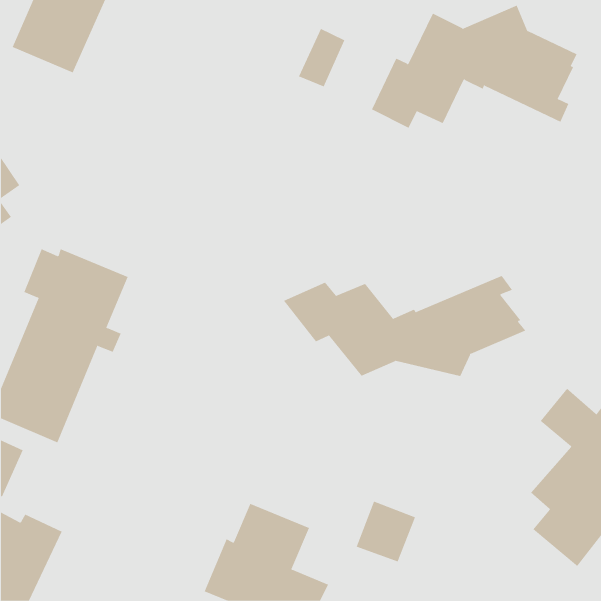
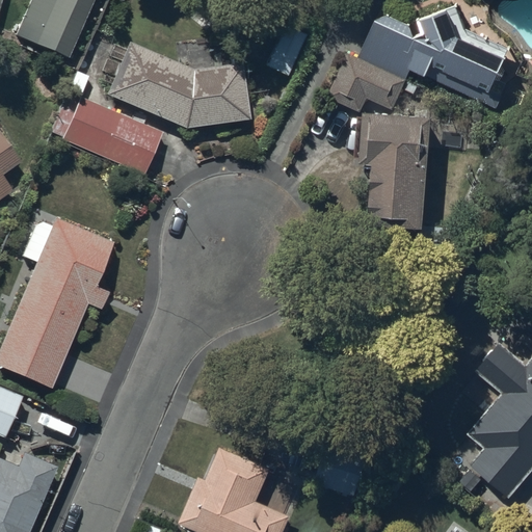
building: none -> [105,43,249,130]
building: none -> [62,99,160,174]
building: none -> [354,113,452,230]
building: [283,275,526,377] -> none

